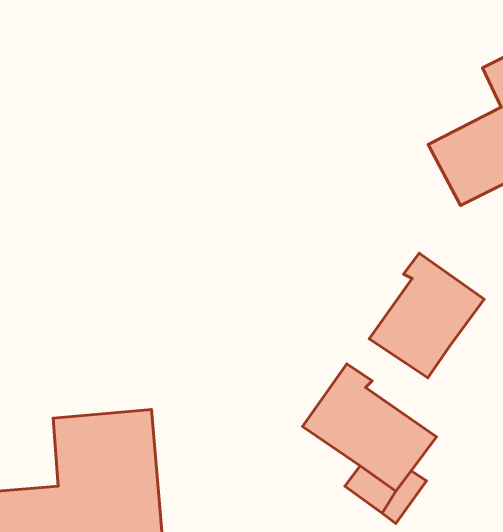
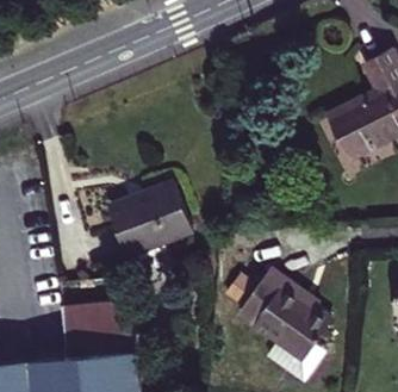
building: none -> [108,182,191,256]
building: [369,253,484,378] -> none

